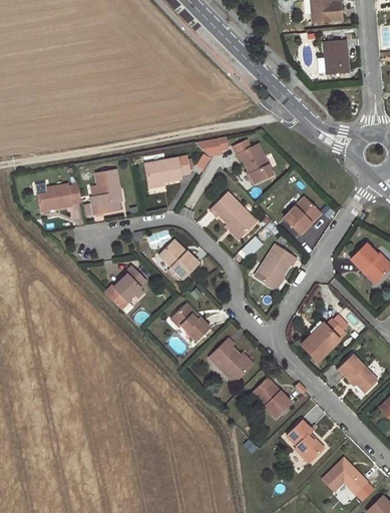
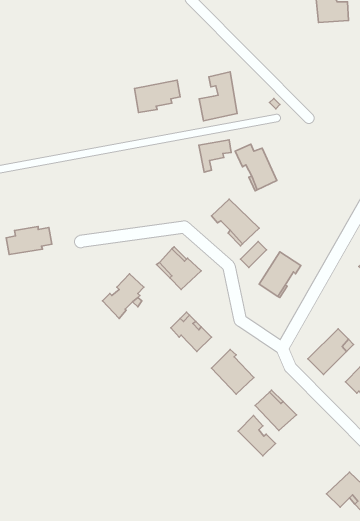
building: [324,40,349,75] -> none
building: none -> [199,72,237,121]
building: [144,155,188,186] -> [134,80,180,112]
building: [90,169,119,213] -> none
building: [37,183,81,210] -> [6,226,52,254]
building: [284,197,320,233] -> none
building: [288,421,324,460] -> [238,415,275,456]

